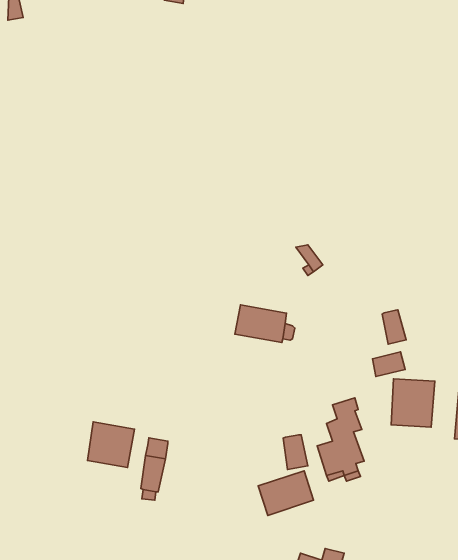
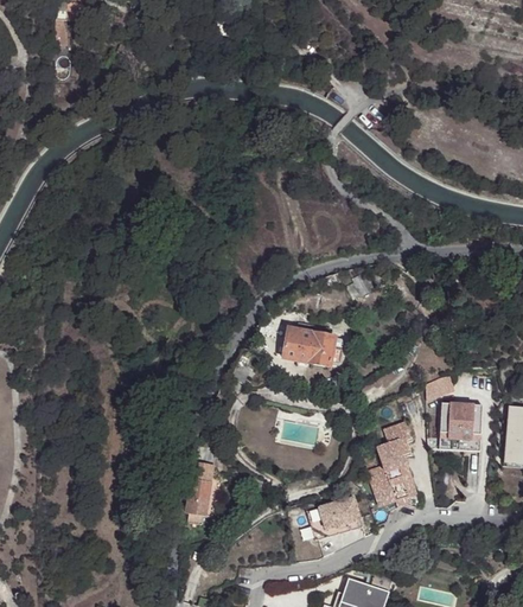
building: [382,310,406,344] -> none
building: [87,422,135,468] -> none
building: [283,435,308,469] -> none

